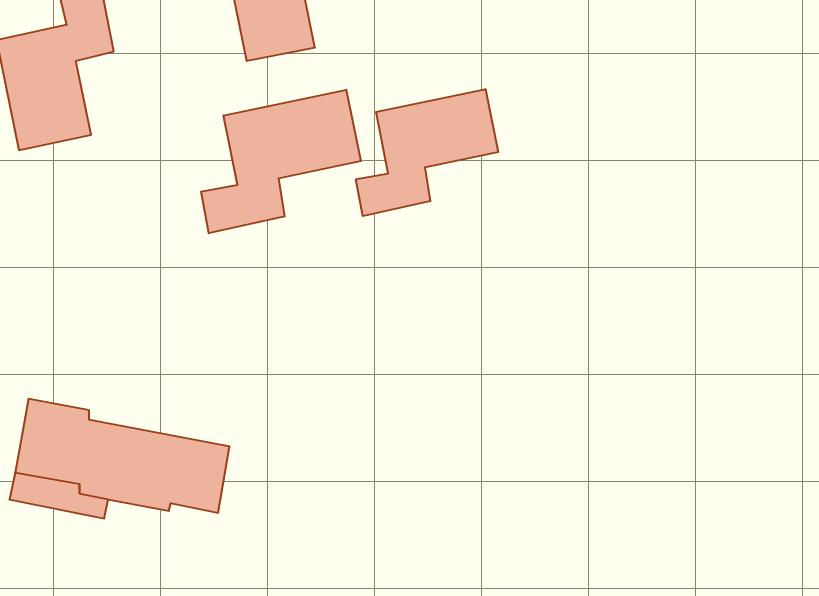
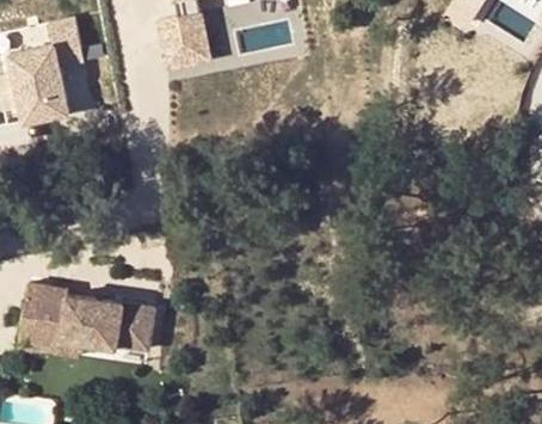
building: [356,89,498,216] -> none
building: [201,90,361,233] -> none

